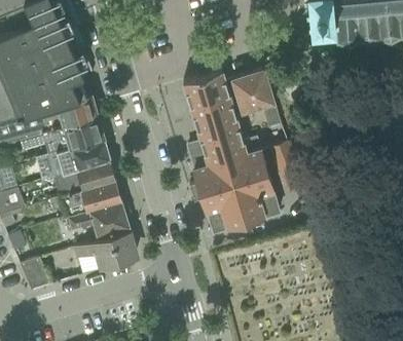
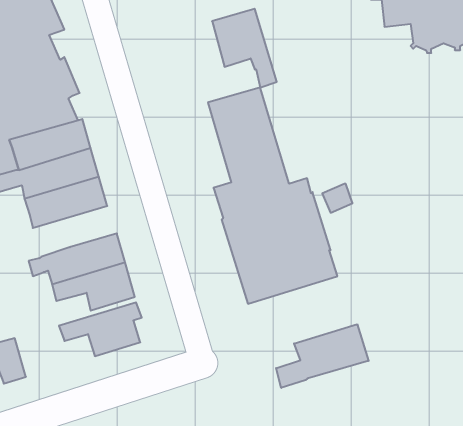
building: [232,73,281,131] -> [212,9,277,87]
building: [52,161,115,199] -> none
building: none -> [276,324,369,388]

